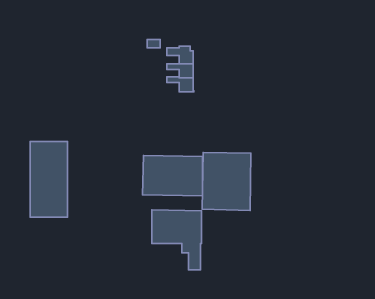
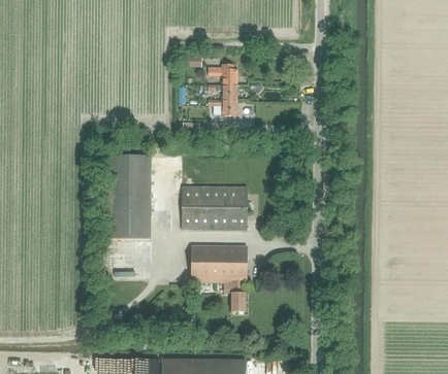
building: [30,141,68,217] -> [108,155,150,238]
building: [202,153,251,211] -> none

